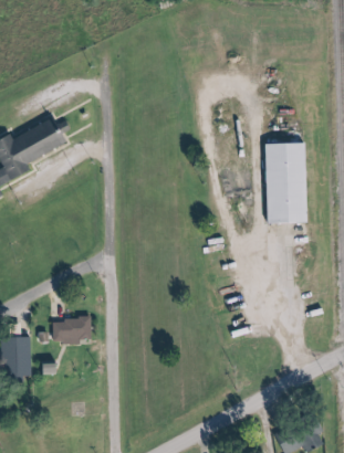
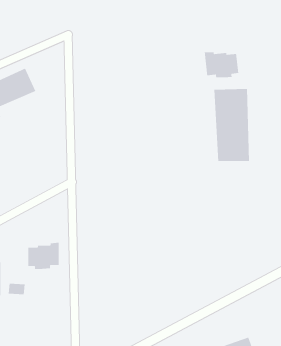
building: none -> [204,52,239,78]

